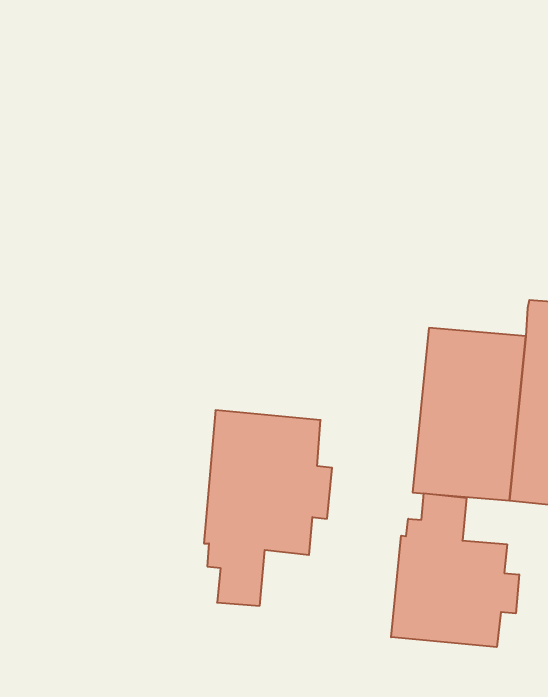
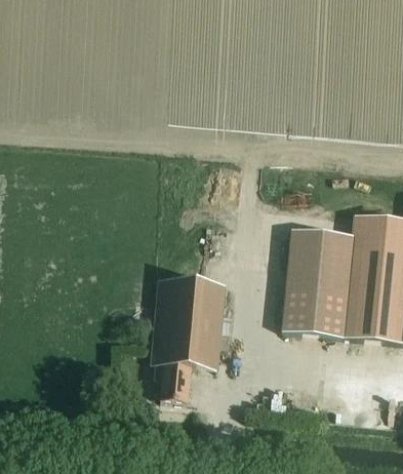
building: [391,493,519,647] -> none

